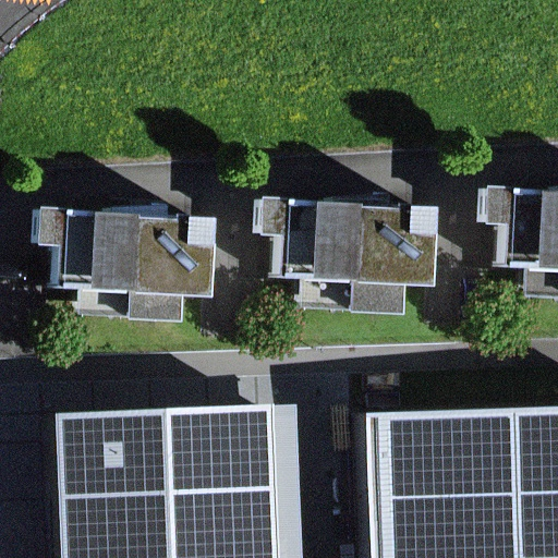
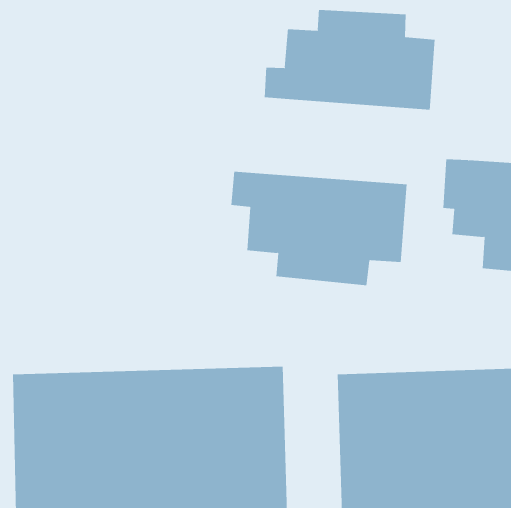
building: none -> [264,9,435,110]
building: [29,197,219,327] -> none

